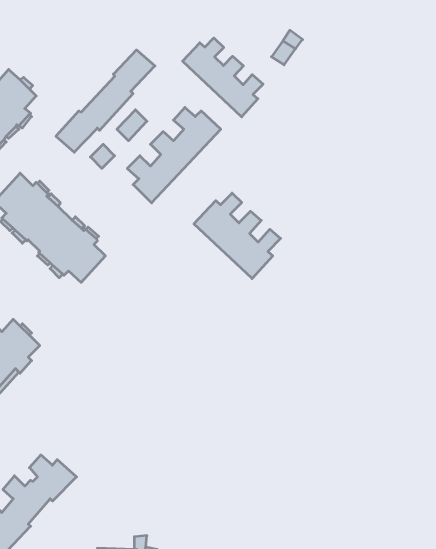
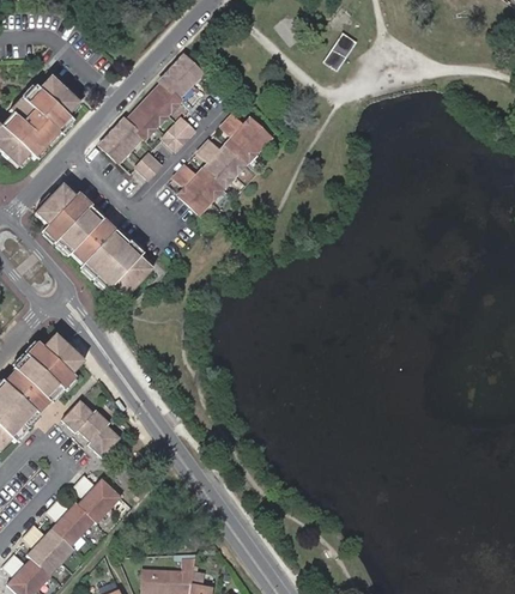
building: [183,38,263,117] -> none
building: [194,193,281,279] -> none
building: none -> [62,401,120,457]

